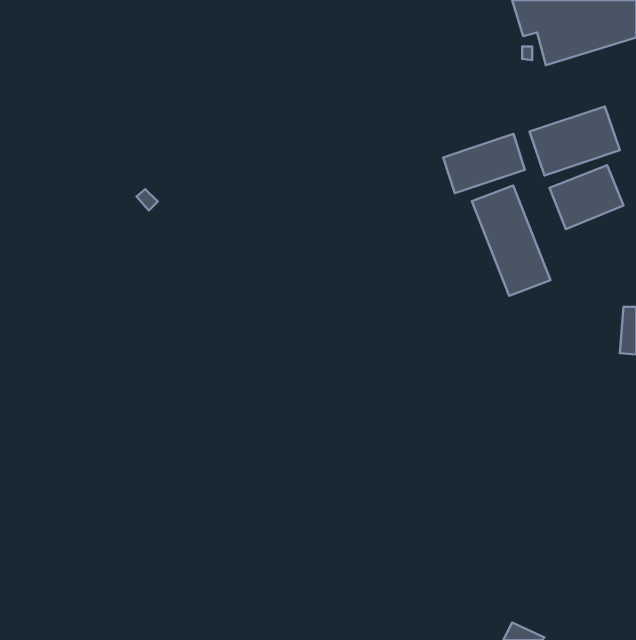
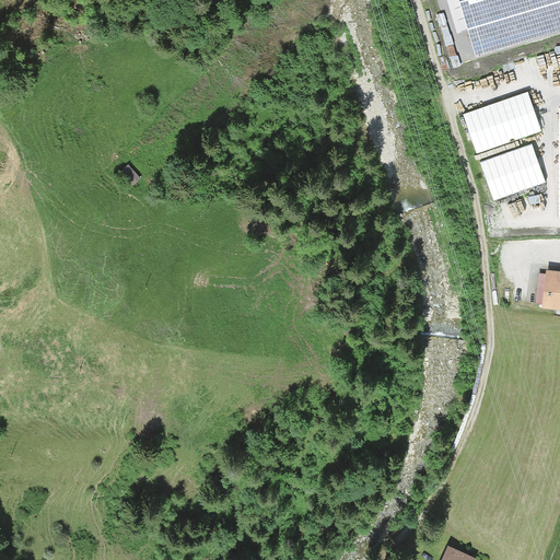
building: [443,134,525,193] -> none
building: [472,185,550,296] -> none

